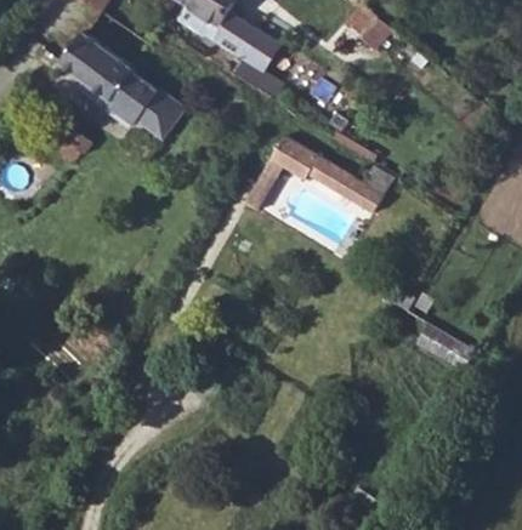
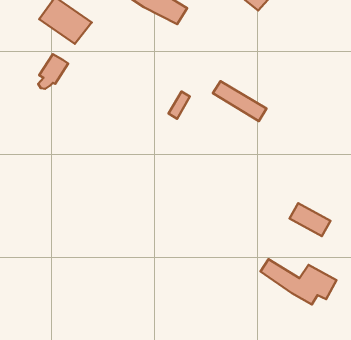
building: [106,73,185,138] -> none
building: [263,132,319,176] -> none
building: none -> [260,259,336,305]

